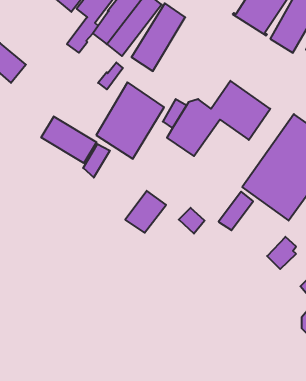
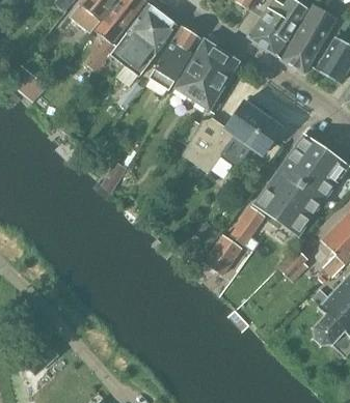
building: [96,82,164,159] -> [174,37,240,111]
building: [41,116,96,163] -> none
building: [125,191,166,233] -> [204,234,243,275]

